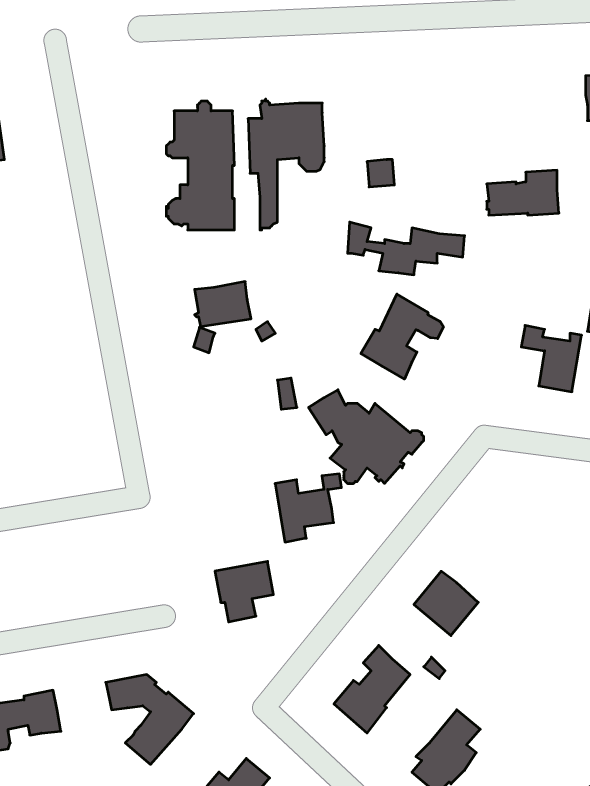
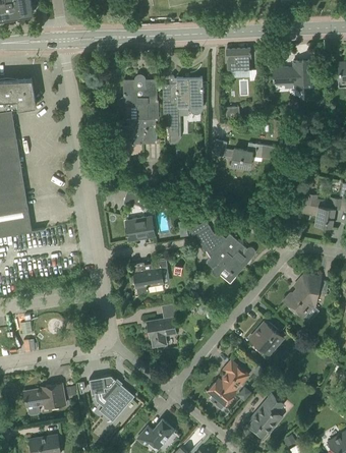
building: none -> [226,48,251,70]
building: [487,170,559,215] -> [273,61,310,84]
building: [195,282,251,326] -> [125,217,155,240]
building: [361,294,443,379] -> none
building: [275,474,341,542] -> [132,260,167,295]
building: none -> [283,275,321,318]

